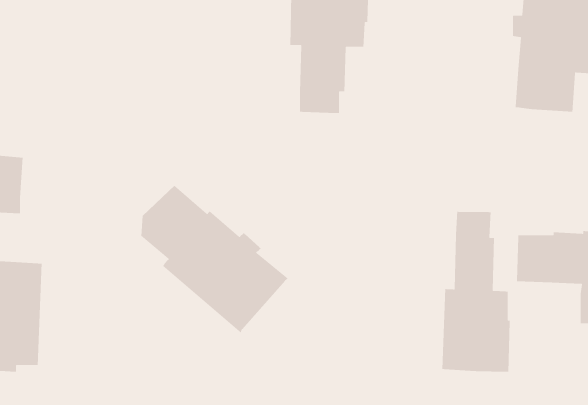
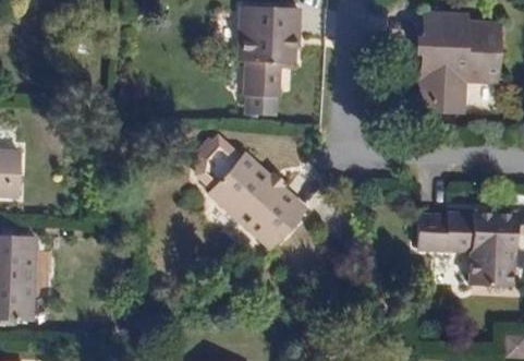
building: [141,185,288,334] -> [190,132,308,252]
building: [442,211,511,373] -> none

